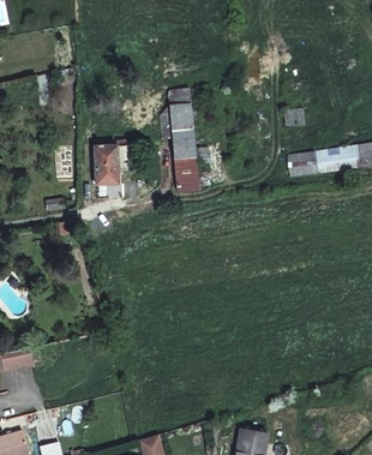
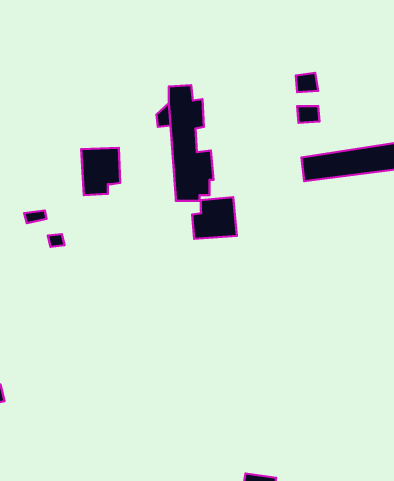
building: none -> [192,197,237,239]

